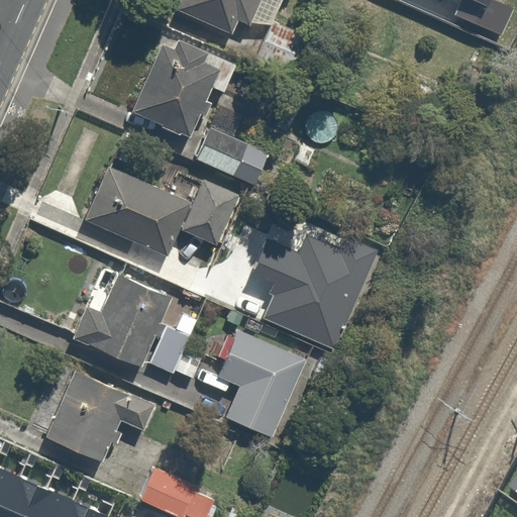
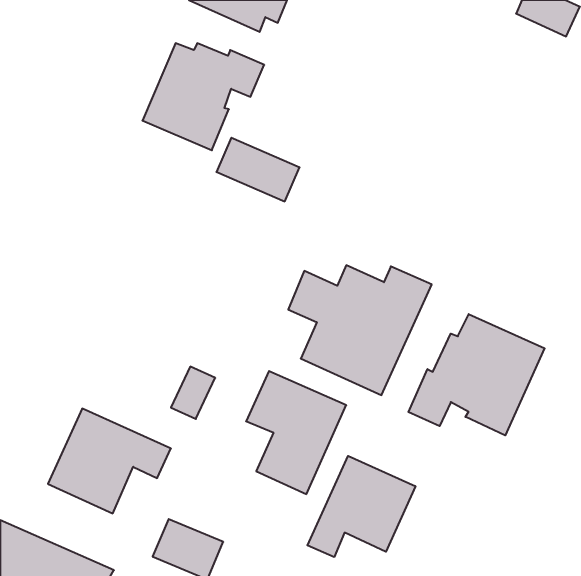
building: [73,160,241,257] -> none
building: [72,272,172,367] -> none
building: none -> [408,314,545,435]
building: none -> [307,456,415,557]

